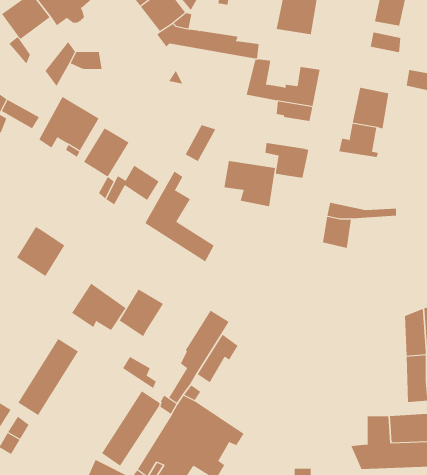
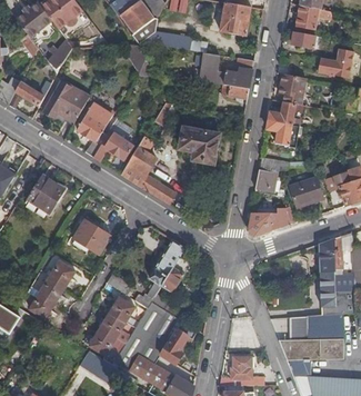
building: [264,142,309,178] -> [265,120,299,147]
building: none -> [290,177,323,207]
building: none -> [247,209,288,235]
building: [119,289,164,337] -> none

